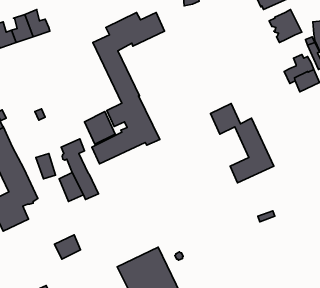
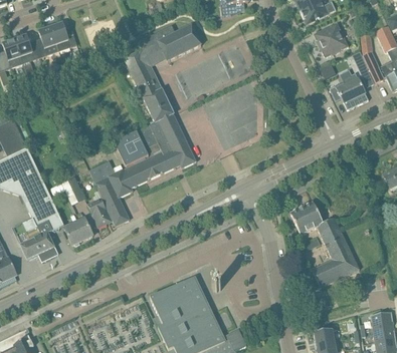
building: [211,103,274,183] -> [290,201,359,286]
building: none -> [109,168,133,197]
building: [54,235,81,259] -> [64,218,92,244]

